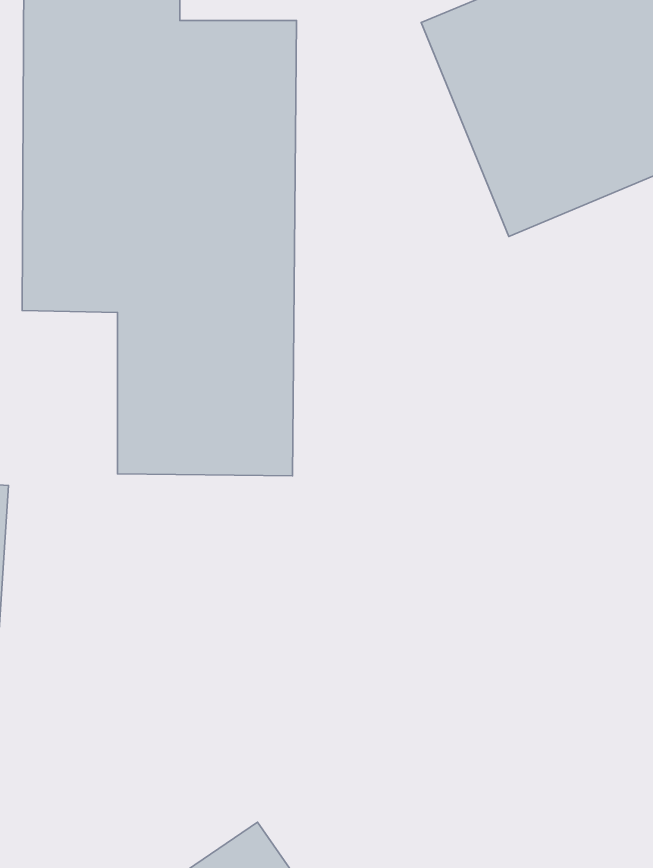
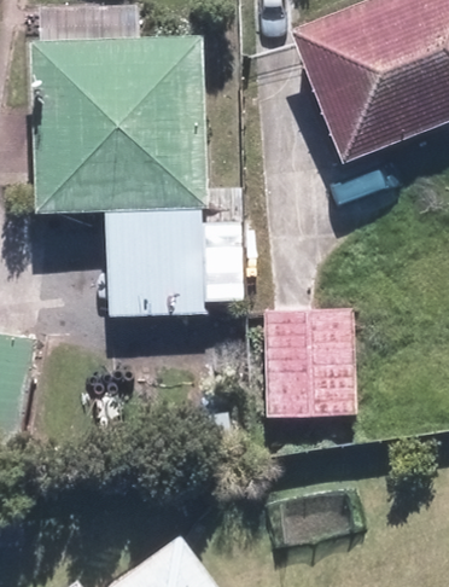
building: none -> [263,300,355,420]

